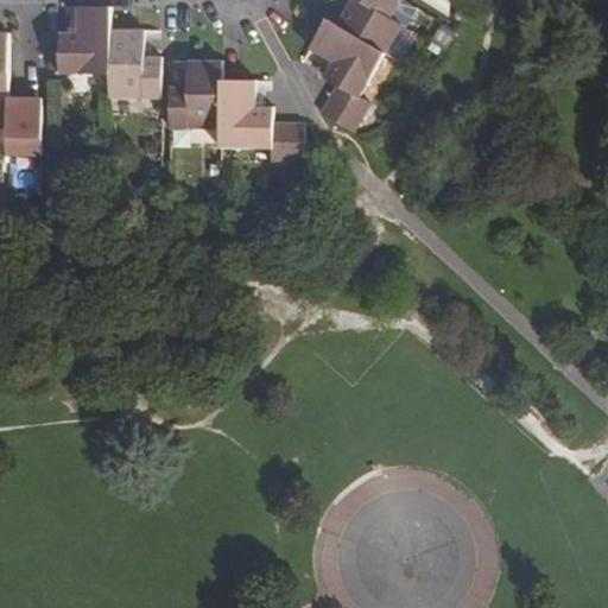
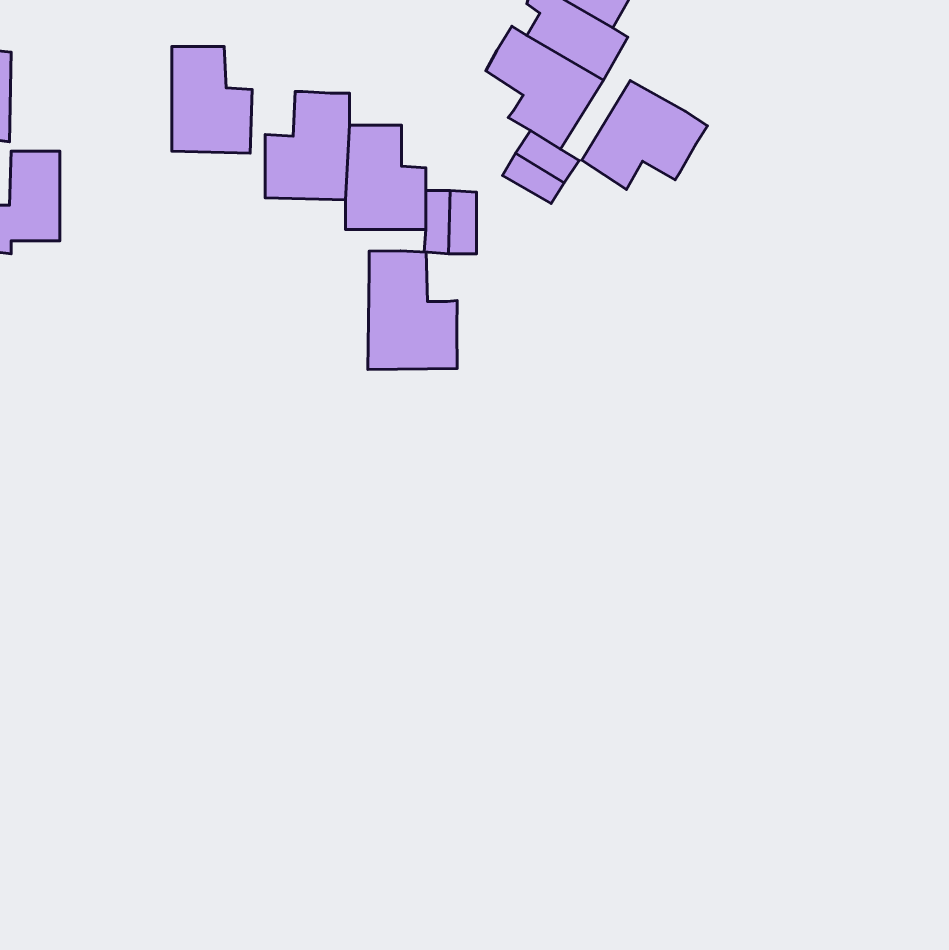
building: [57,6,109,74] -> none
building: none -> [582,81,708,189]
building: none -> [368,251,457,369]

